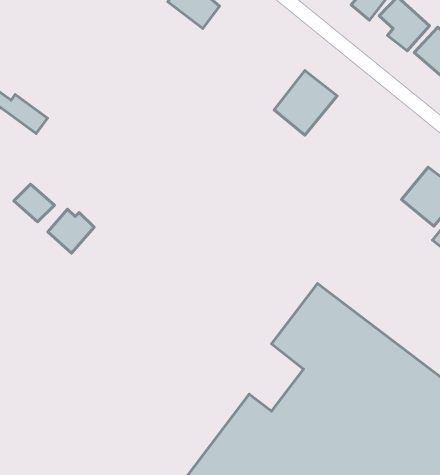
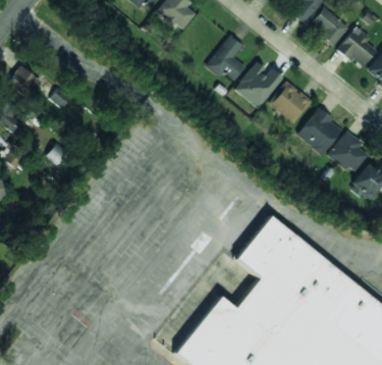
building: none -> [206,35,245,81]
building: none -> [270,81,312,122]
building: none -> [297,107,344,154]
building: [48,209,94,253] -> none

